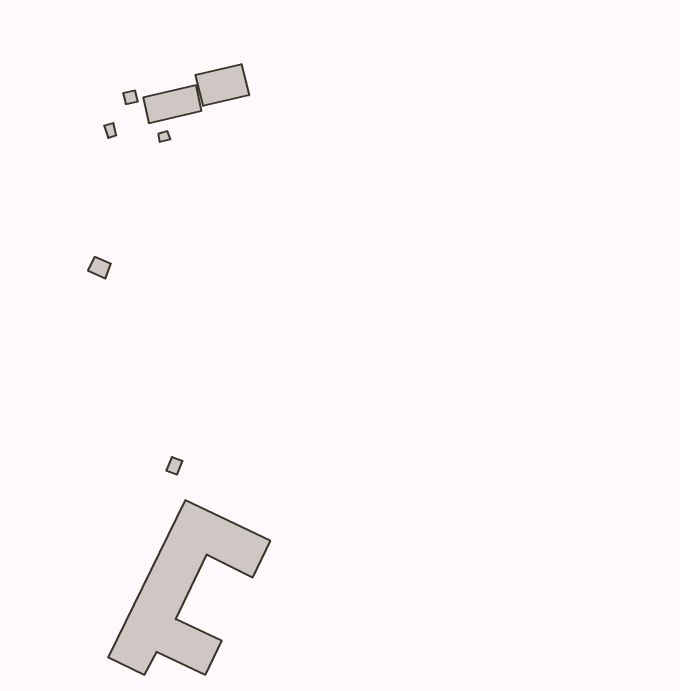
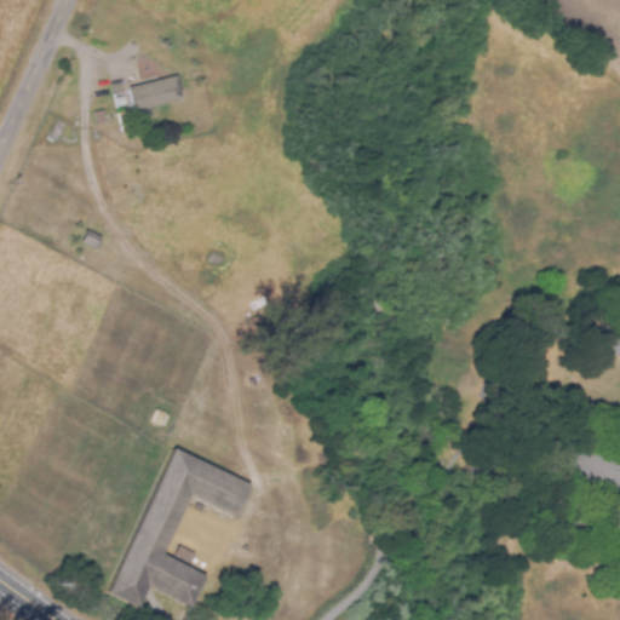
building: [196,64,249,106] -> none

